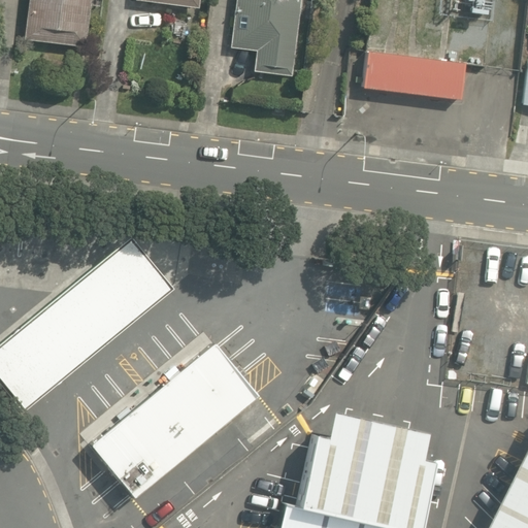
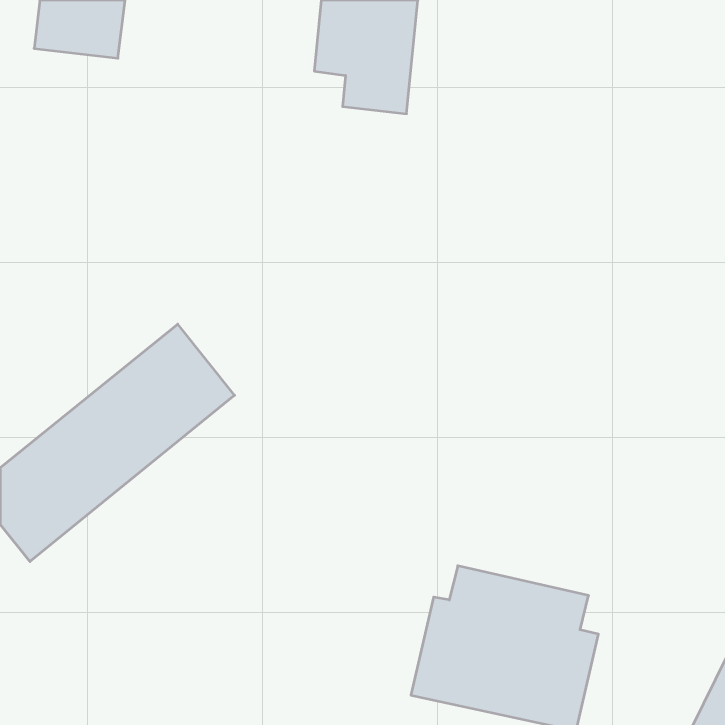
building: [363,53,464,101] -> none
building: [91,343,258,497] -> none

